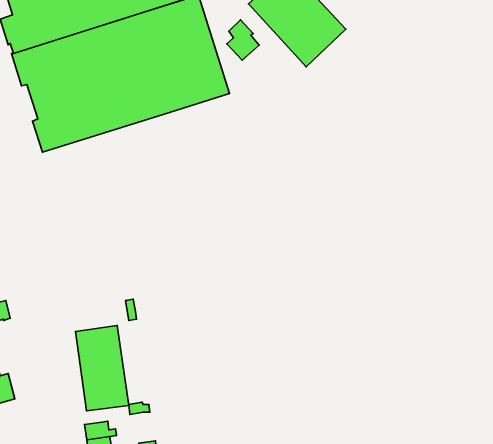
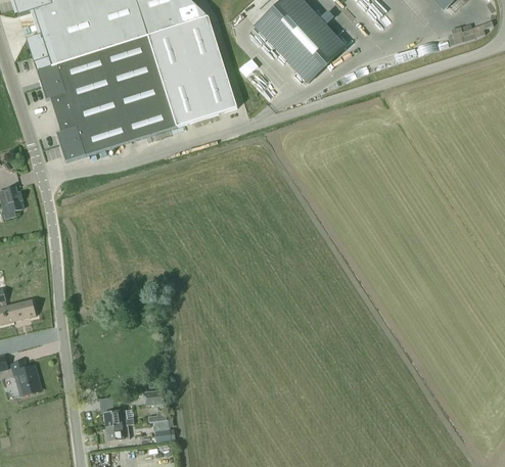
building: [227,20,259,60] -> none
building: [76,325,129,411] -> none

